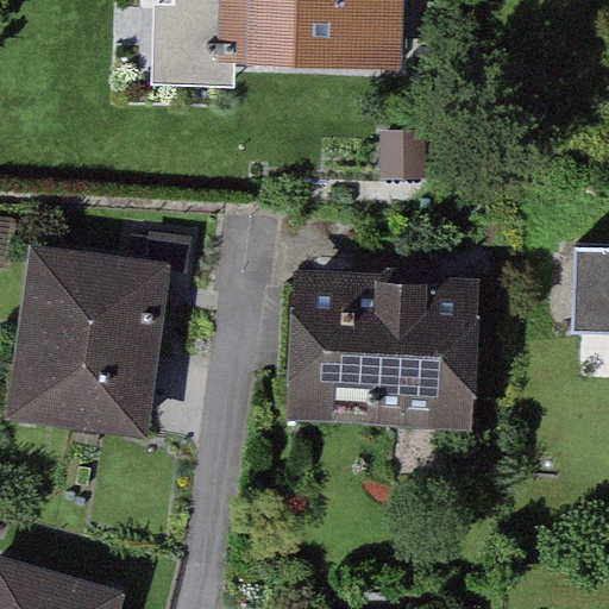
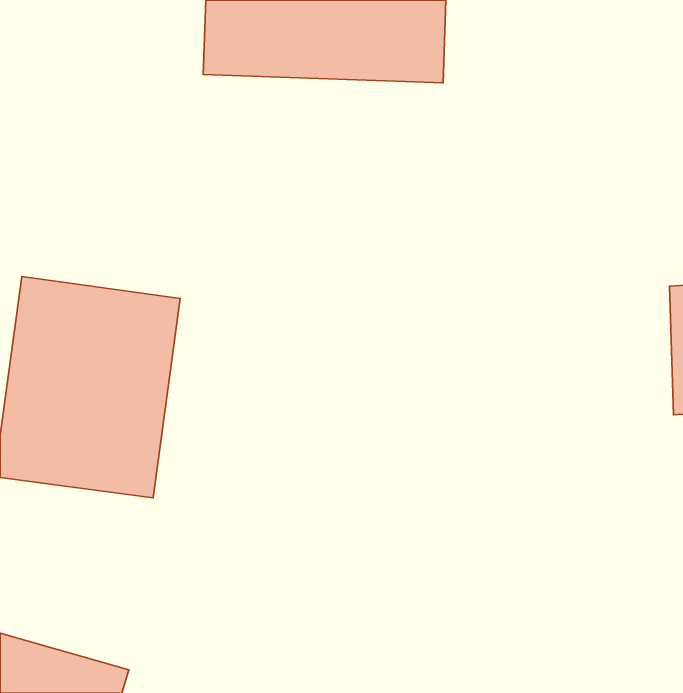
building: [285,264,482,431] -> none

